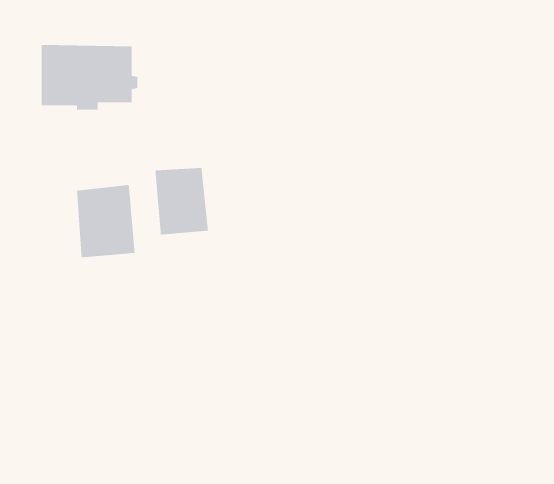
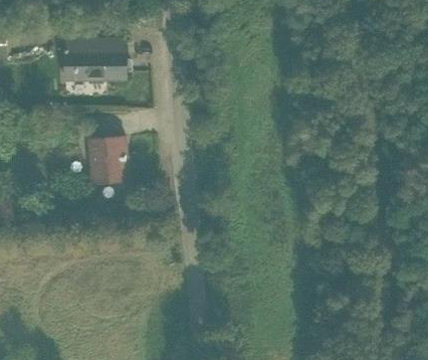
building: [155,167,209,236] -> none

